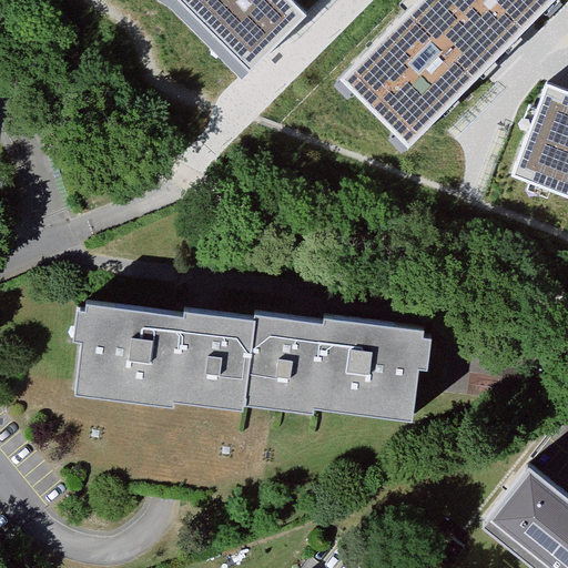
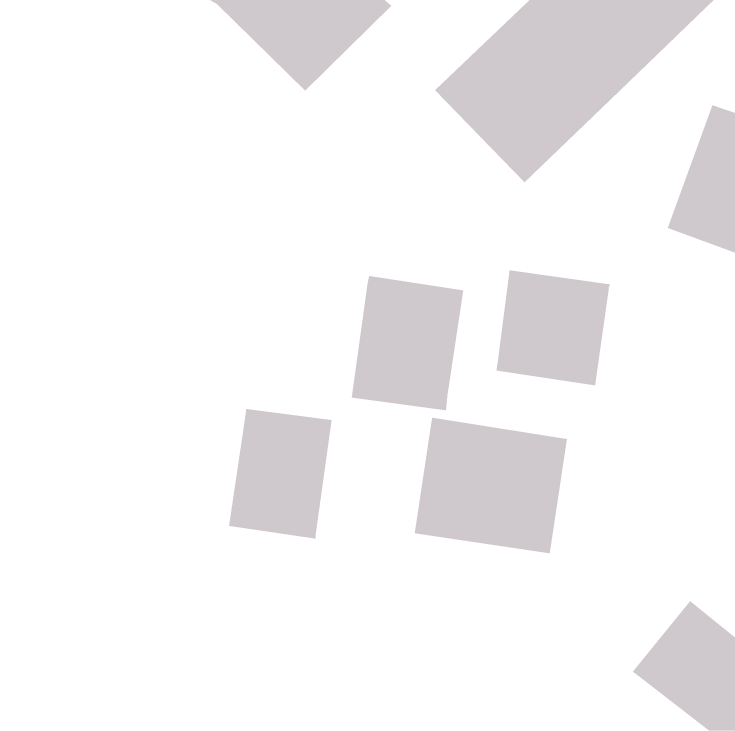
building: none -> [496,270,611,386]
building: [82,305,192,409] -> none
building: [247,315,334,418] -> [351,276,464,411]

